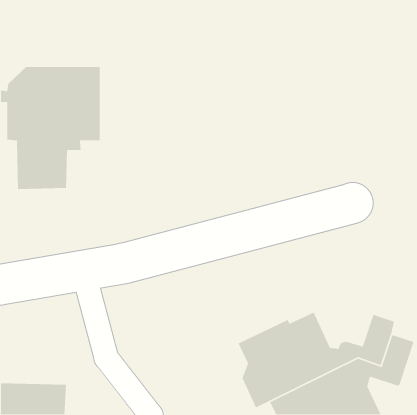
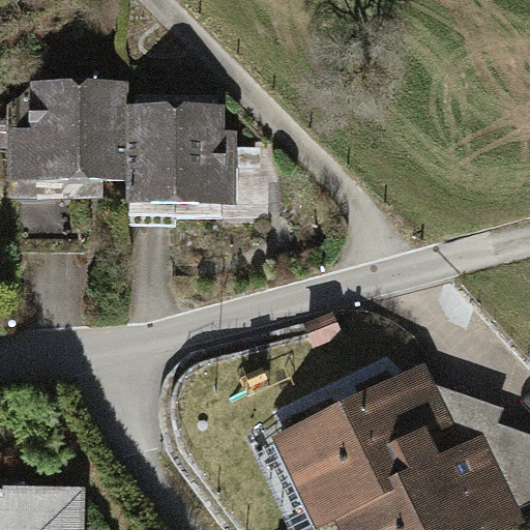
building: none -> [127,108,254,202]

